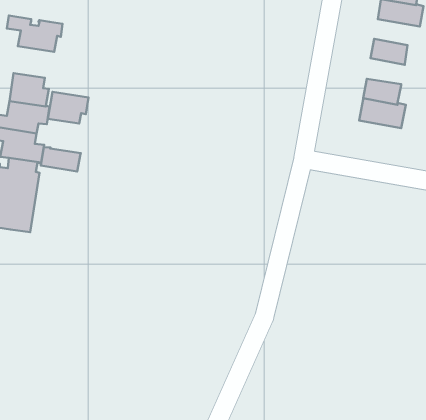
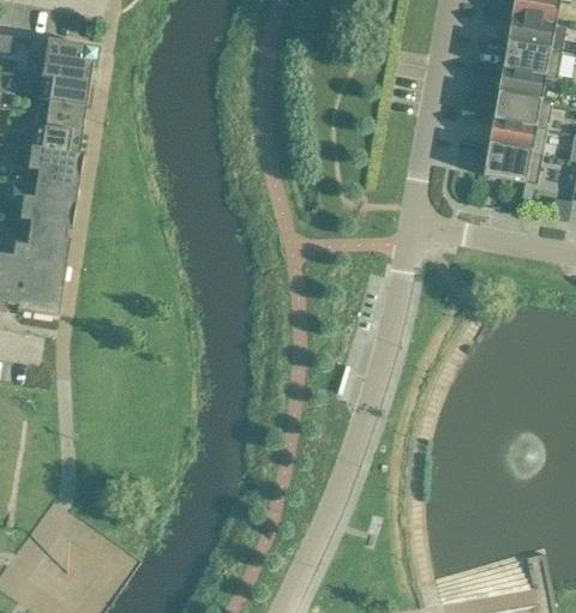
building: none -> [502,41,560,77]
building: none -> [492,91,552,128]
building: [48,92,89,124] -> [36,76,89,116]
building: [41,147,81,171] -> none

